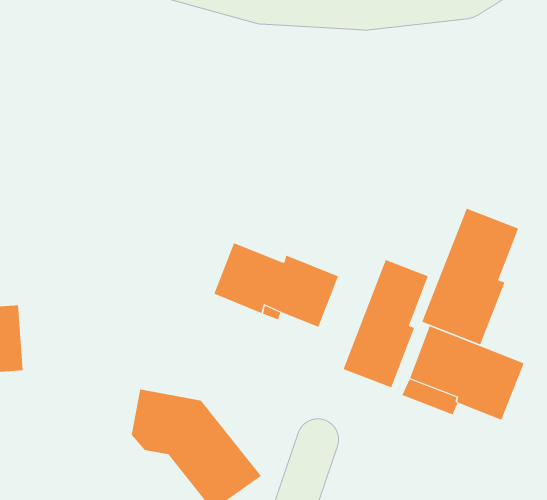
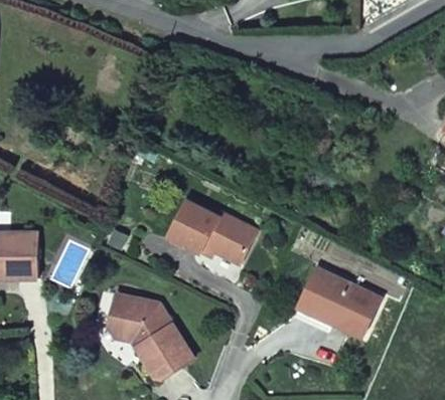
building: [421,208,519,345] -> none
building: [343,259,429,388] -> none

